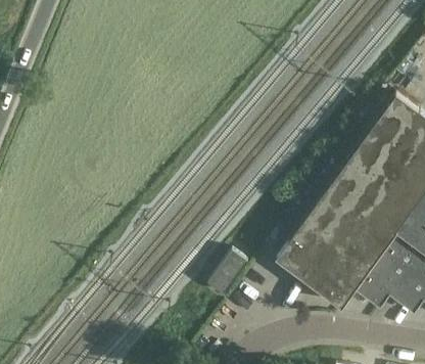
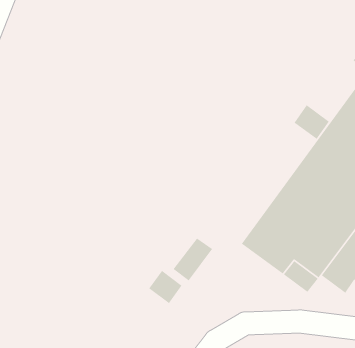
building: none -> [294,104,330,140]
building: none -> [148,270,183,304]

